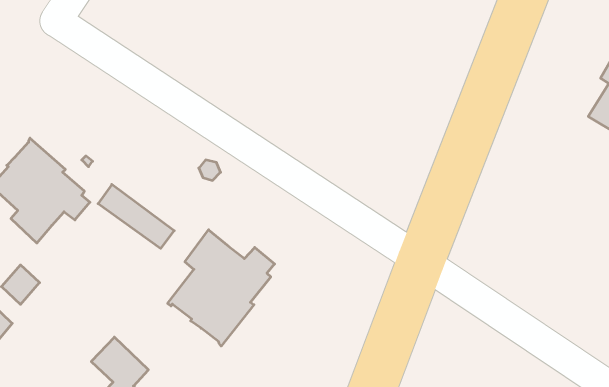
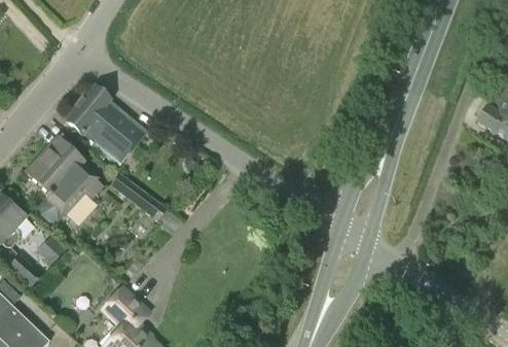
building: none -> [67,86,147,164]
building: [168,230,275,346] -> none

